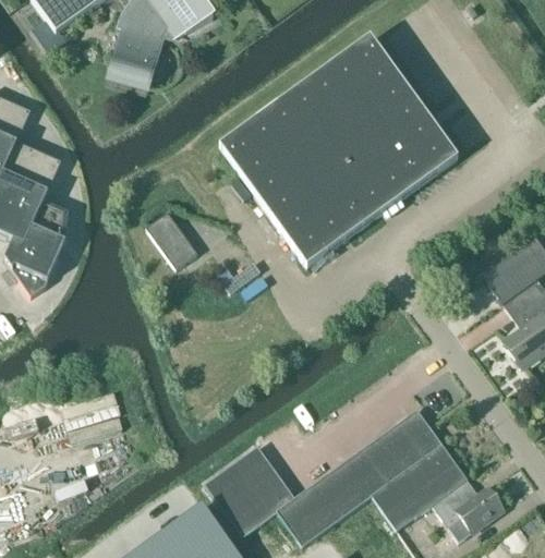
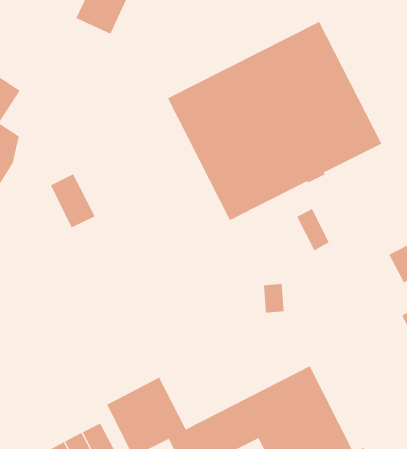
building: [145,210,198,269] -> [50,174,95,228]
building: none -> [296,208,330,251]
building: none -> [263,283,284,314]

